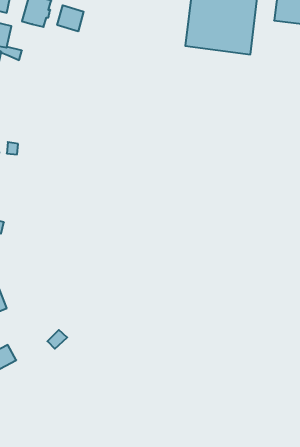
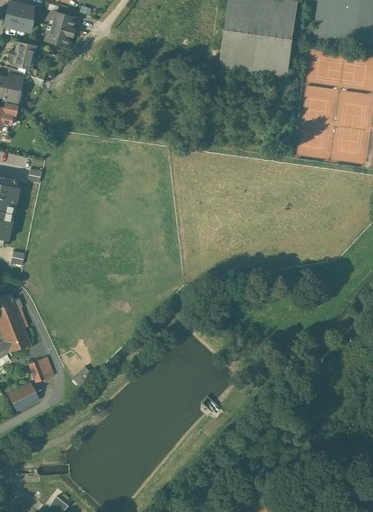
building: [57,5,84,31] -> none
building: none -> [29,357,54,382]

